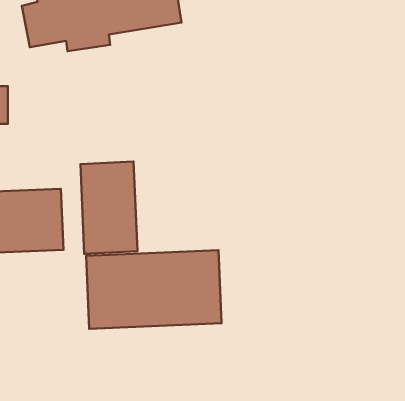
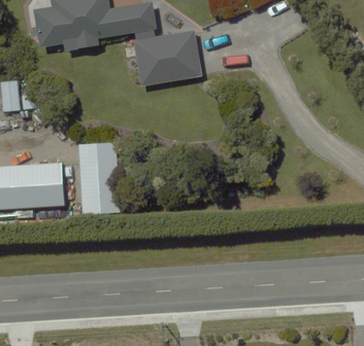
building: none -> [131,33,204,86]
building: [86,250,222,329] -> none

